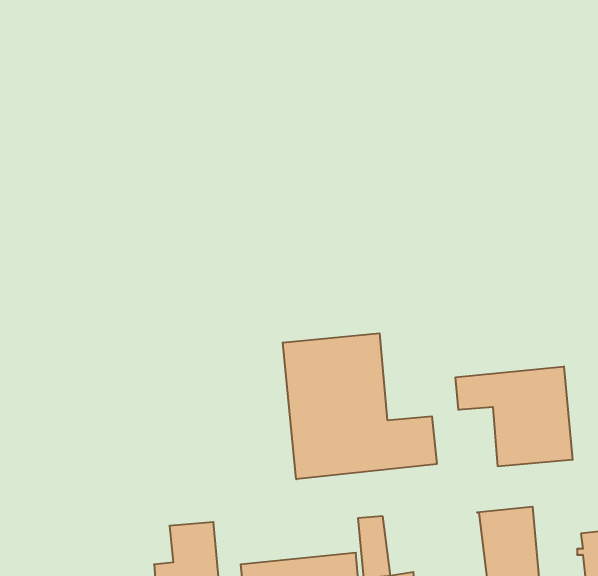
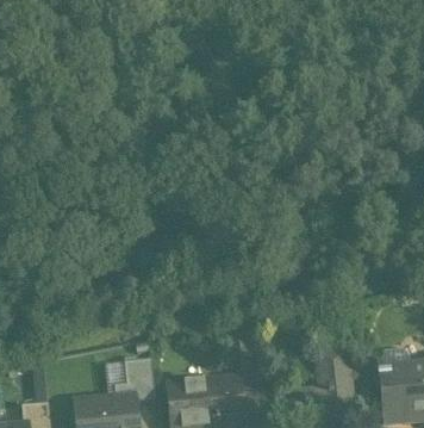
building: [283,333,437,479] -> none
building: [456,366,572,466] -> none

